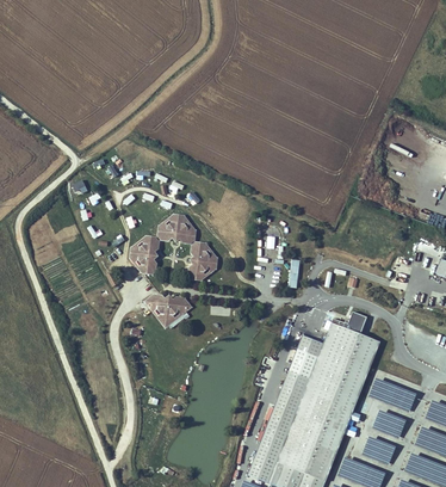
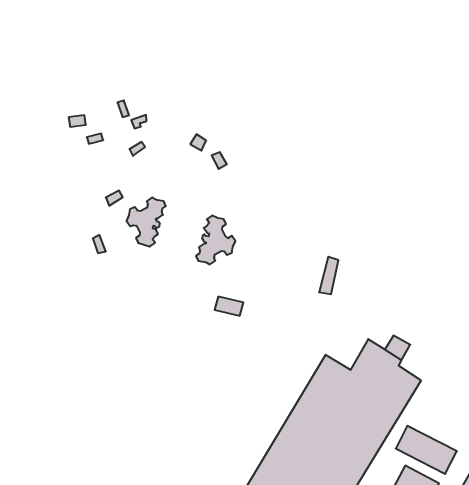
building: [157,215,196,244] -> none
building: [145,295,191,328] -> none

